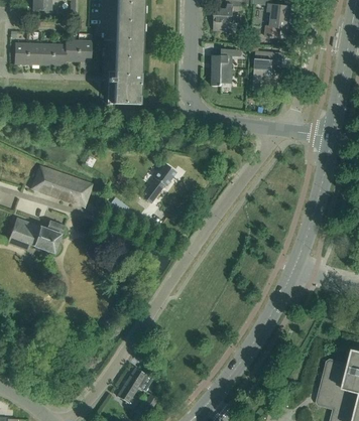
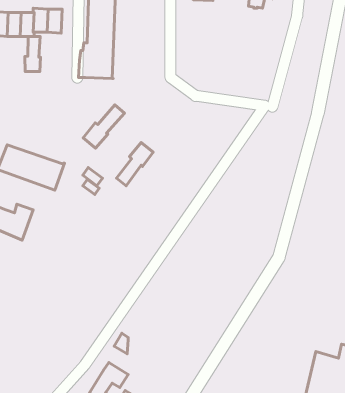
building: [212,49,241,86] -> none
building: [252,51,282,91] -> none
building: none -> [25,36,40,71]
building: none -> [83,105,124,148]

